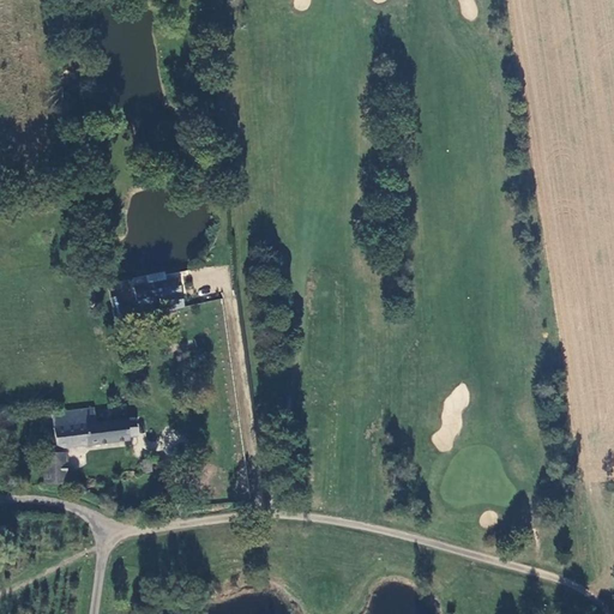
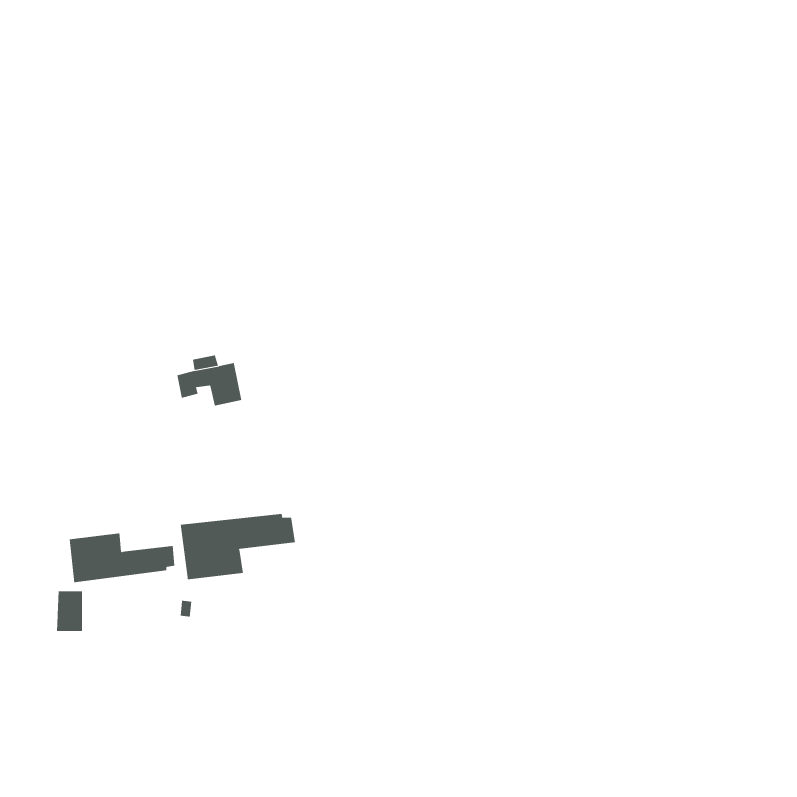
building: none -> [180,513,296,580]

